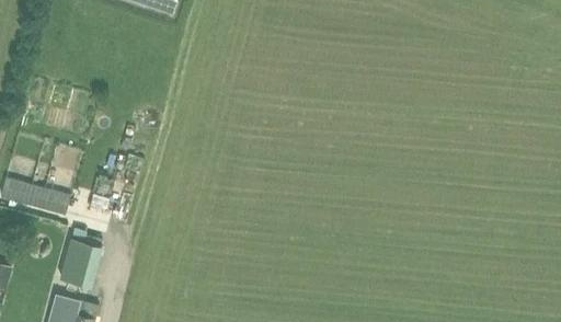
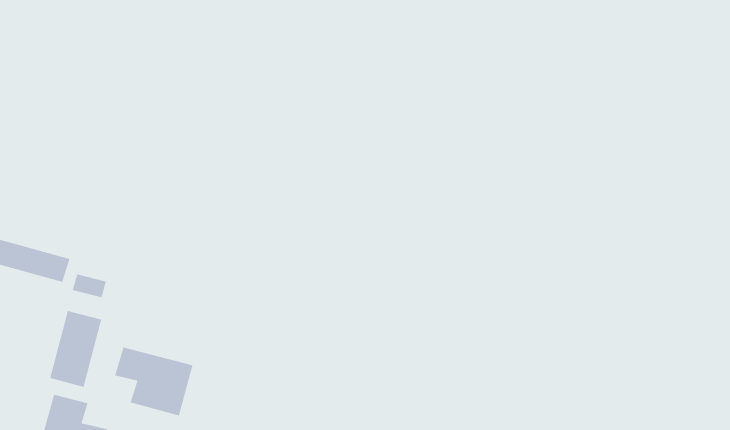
building: none -> [114,346,193,416]

